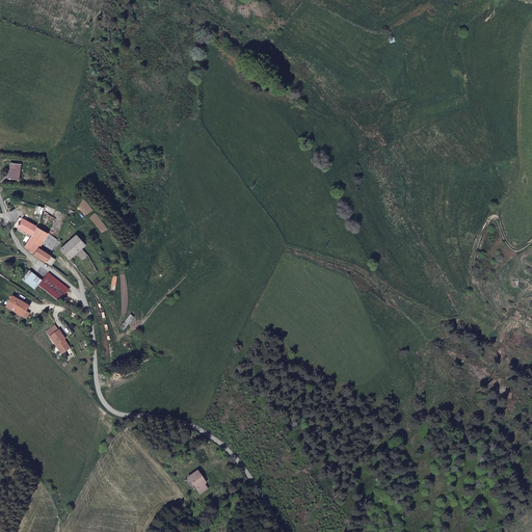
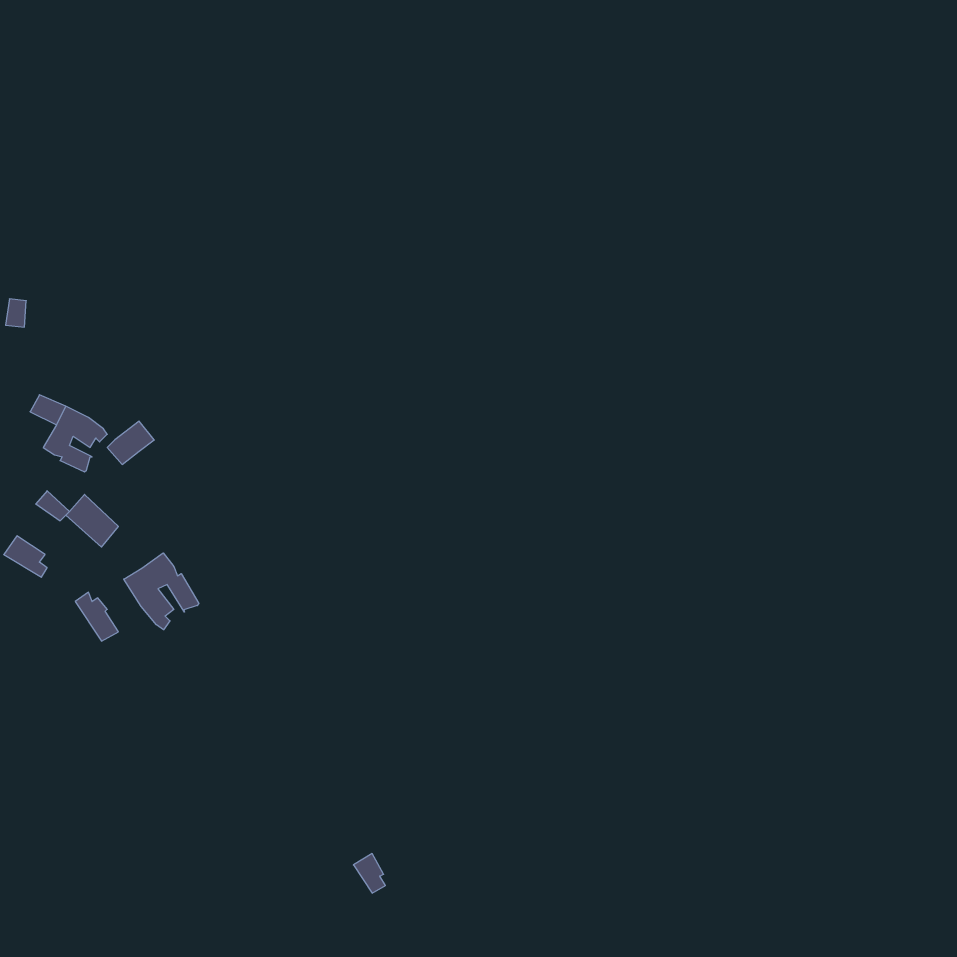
building: none -> [124,553,199,630]

